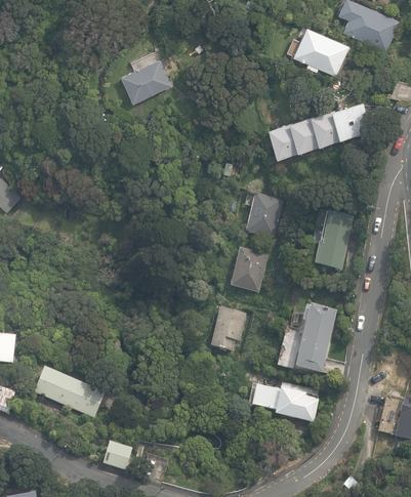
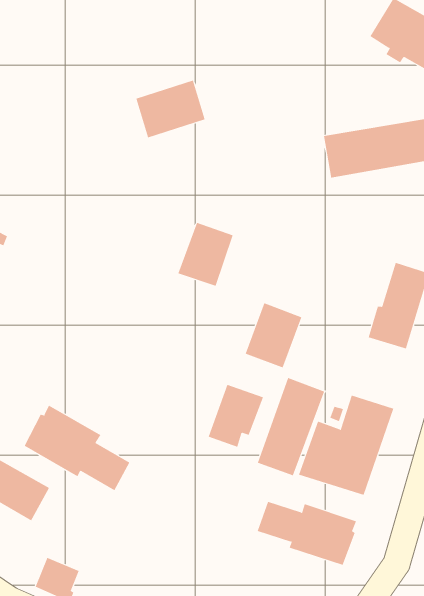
building: [121,58,171,102] -> [135,80,206,138]
building: [246,196,282,239] -> [178,222,233,286]
building: none -> [257,377,325,476]
building: none -> [24,405,130,491]

